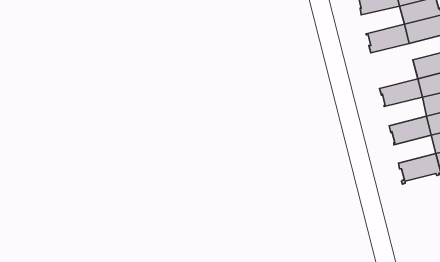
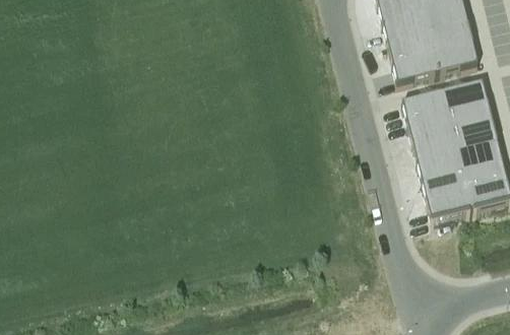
building: none -> [387,30,433,60]
building: none -> [401,87,447,118]
building: none -> [411,127,456,157]
building: none -> [422,168,466,197]

